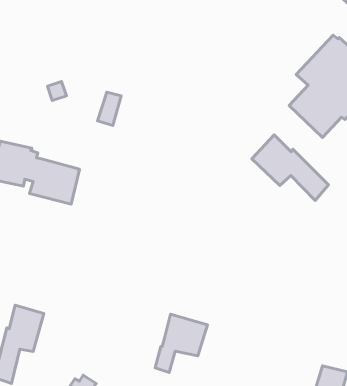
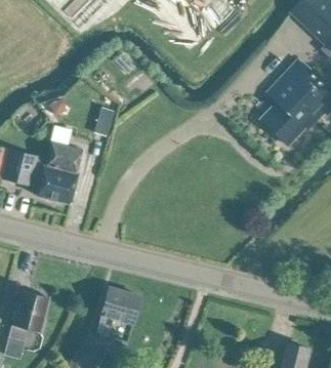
building: none -> [45,126,82,173]
building: [252,135,329,200] -> none
building: [155,314,207,373] -> [95,287,140,337]

